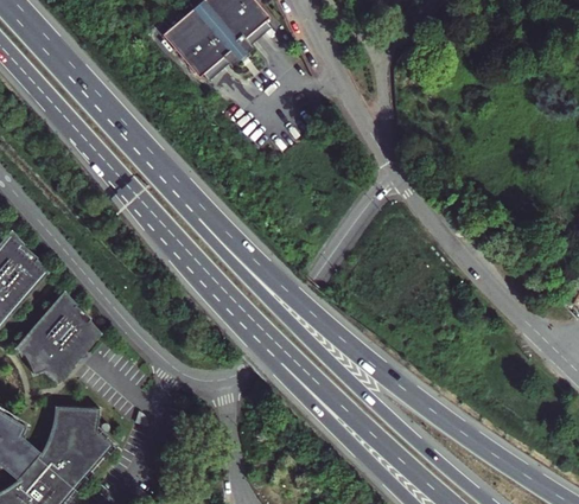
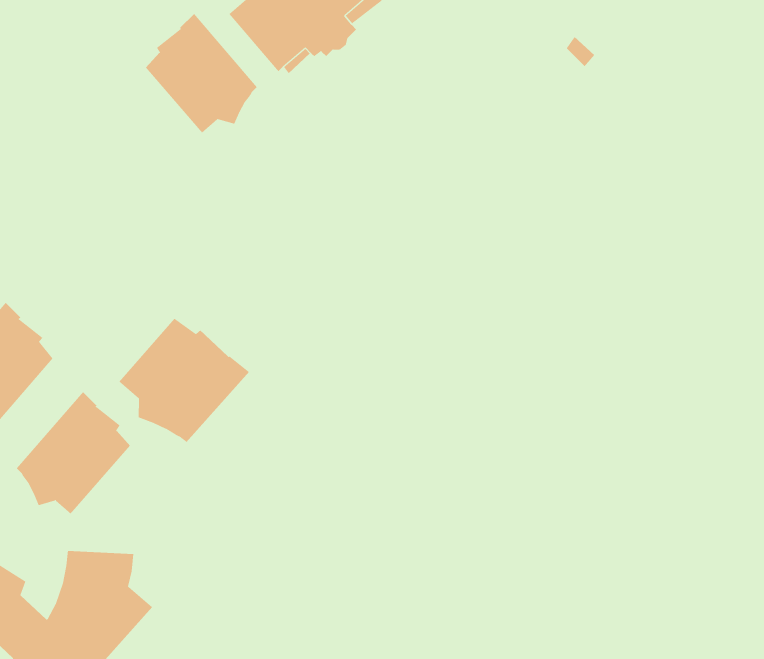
building: none -> [145,13,257,133]
building: none -> [119,318,250,443]

